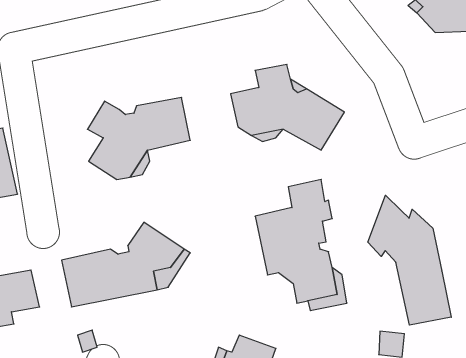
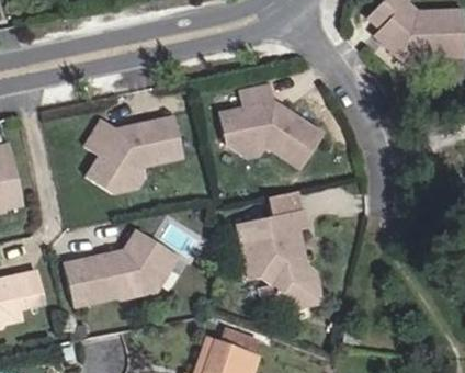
building: [368,195,451,325] -> none

